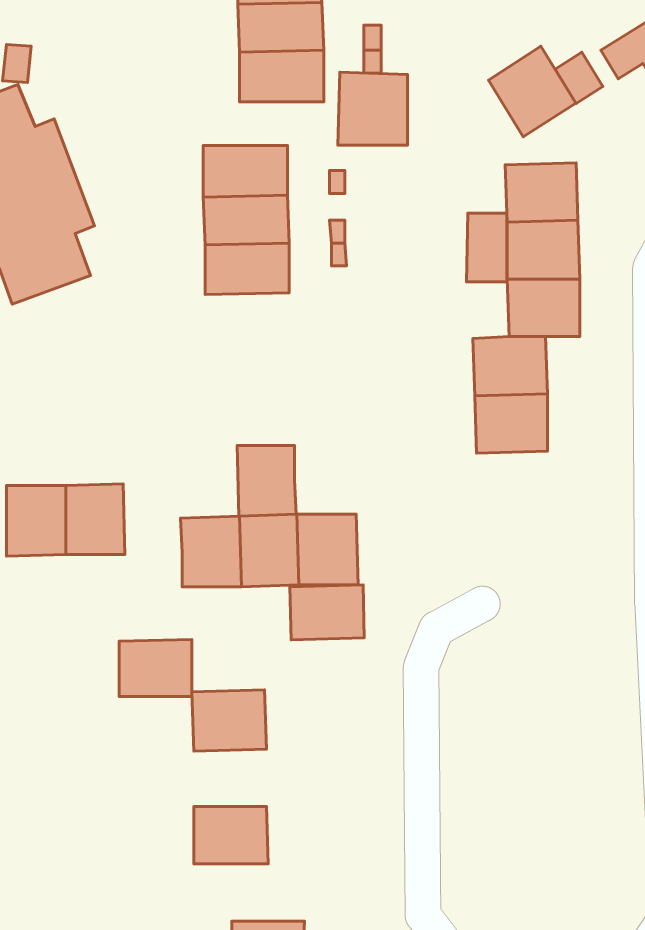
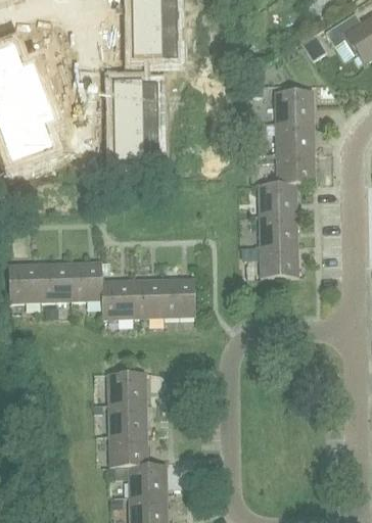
building: [488,46,576,137] -> none
building: [338,72,408,145] -> none
building: [466,213,507,282] -> none
building: [237,445,296,516] -> [71,262,102,299]
building: none -> [260,244,298,277]
building: [290,585,364,640] -> none
building: [119,639,192,697] -> [108,403,147,434]
building: none -> [108,465,168,495]

